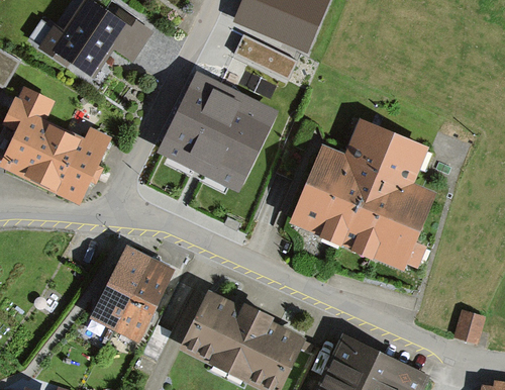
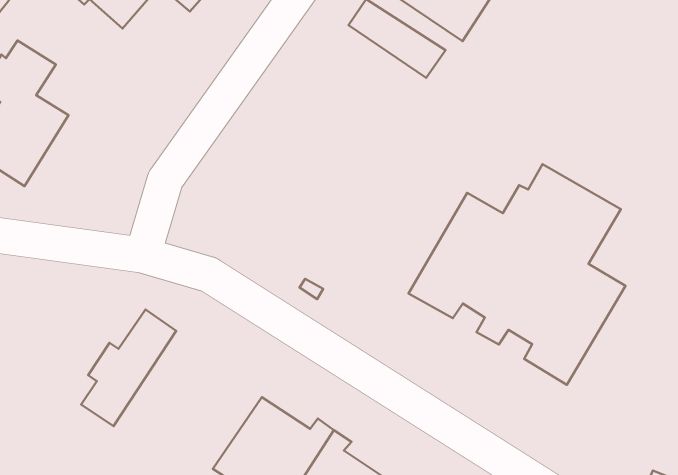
building: [164,75,274,178] -> none
building: [40,129,106,198] -> none
building: [116,261,170,336] -> none

